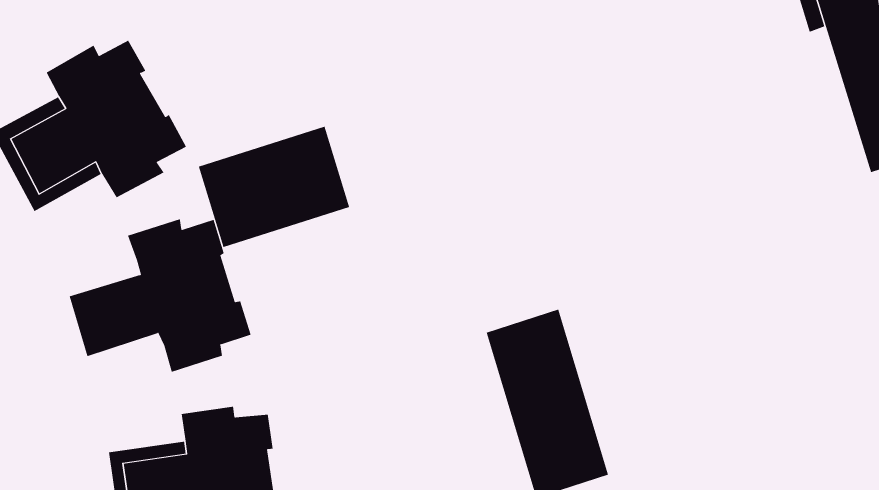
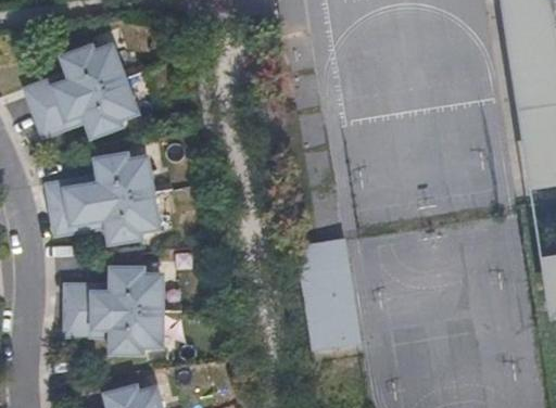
building: [198,126,350,248] -> none
building: none -> [48,174,108,234]

